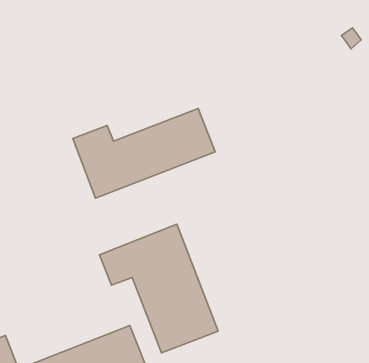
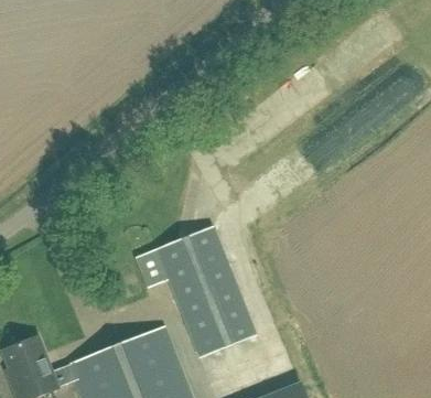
building: [73,109,215,198] -> none

